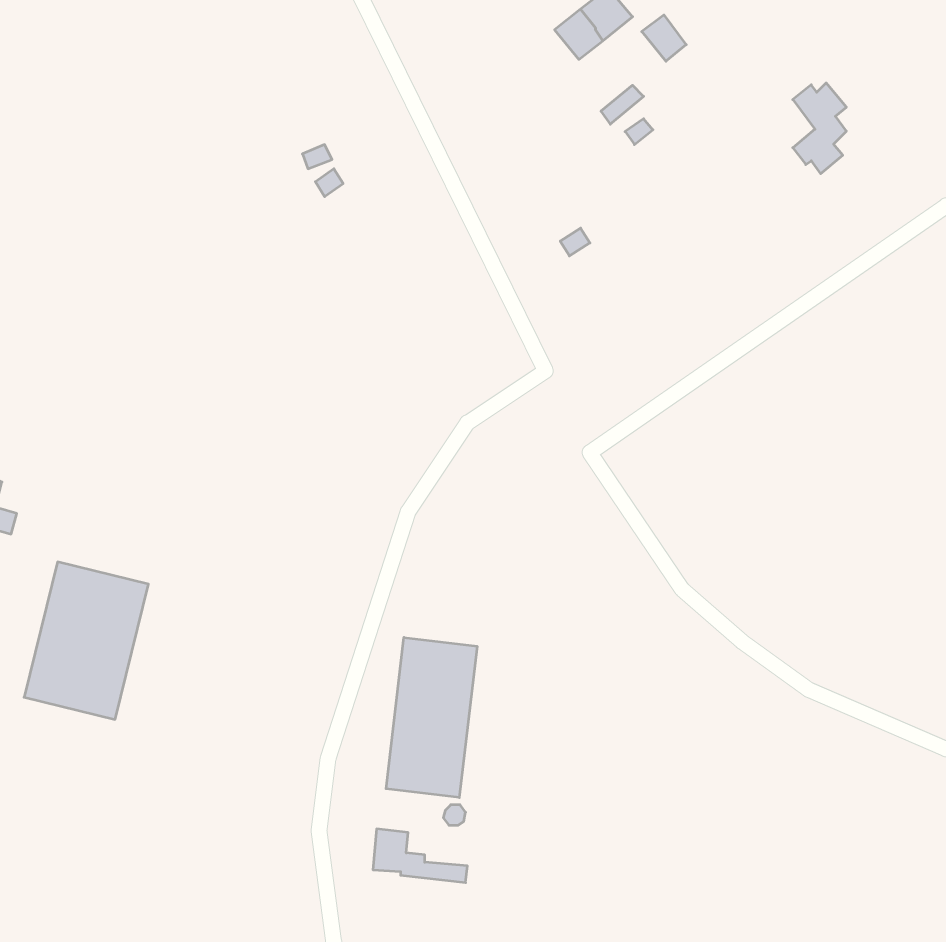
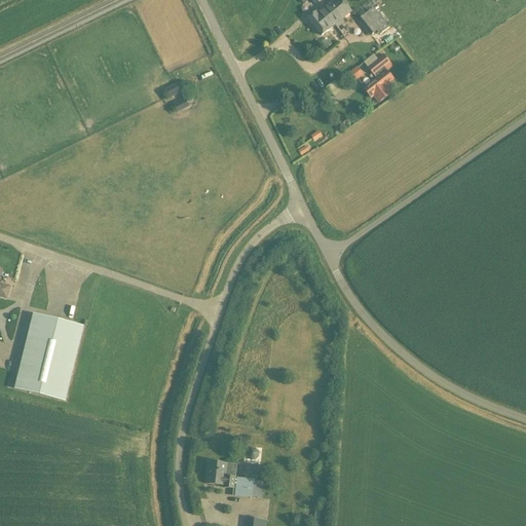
building: [793,83,846,174] -> [363,50,392,101]
building: [386,637,477,798] -> none

